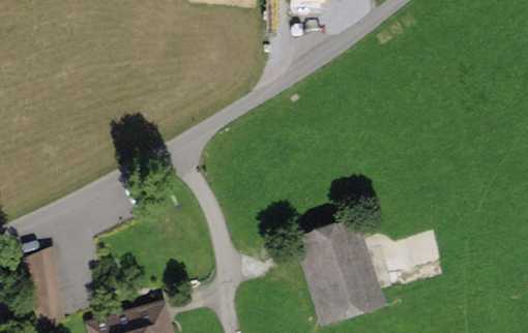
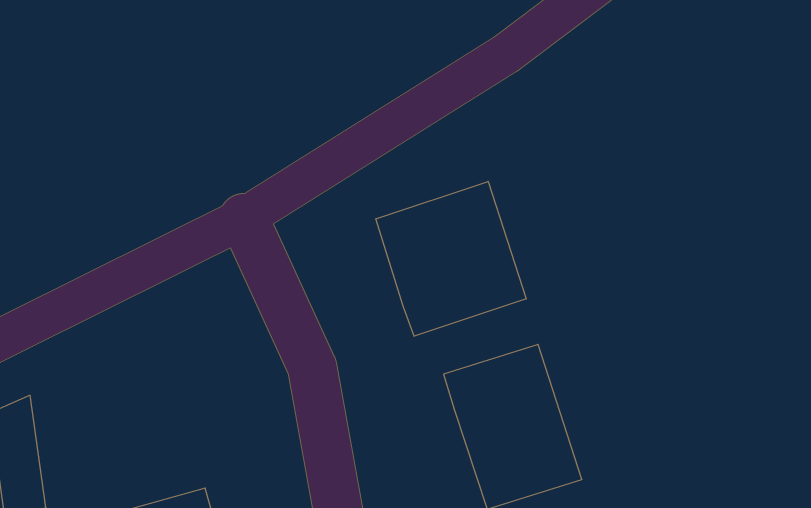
building: none -> [376,181,526,336]

